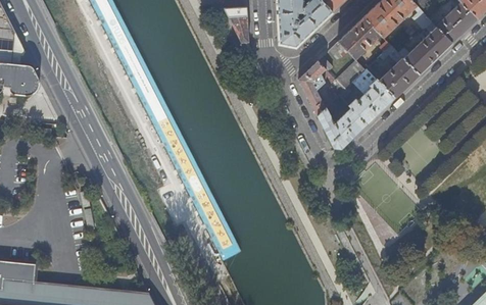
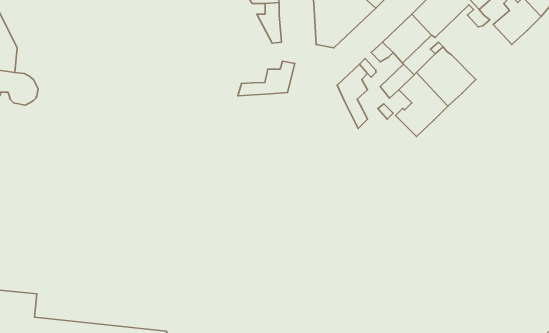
building: [398,21,451,73] -> none
building: none -> [238,61,295,96]
building: [317,107,368,148] -> none

